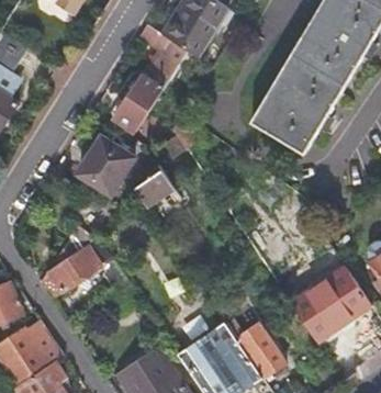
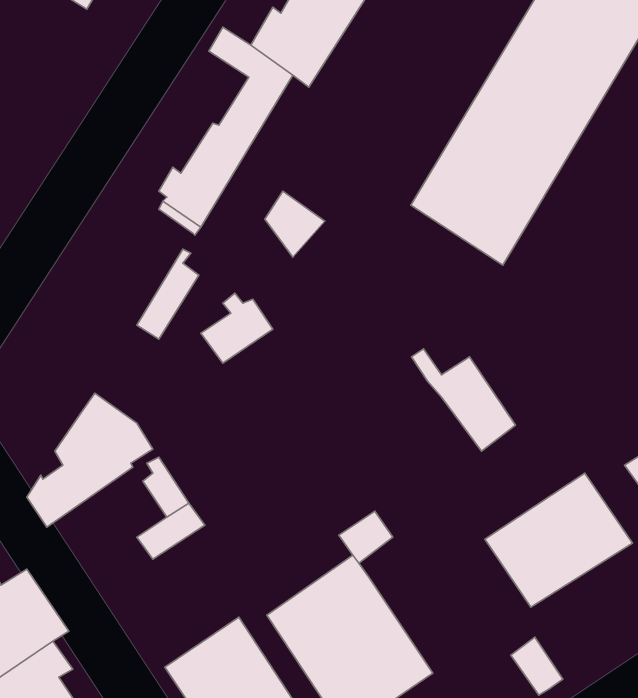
building: [79,137,126,187] -> none
building: [228,321,285,377] -> [411,349,515,451]

